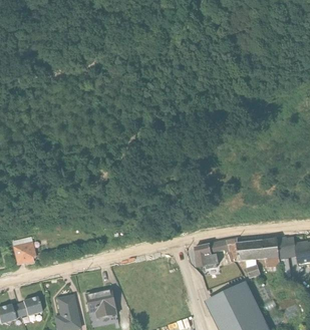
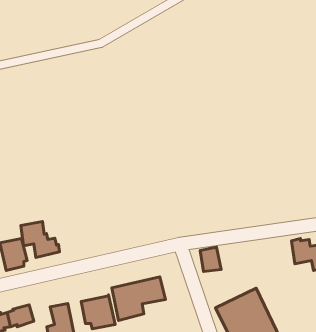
building: none -> [21,222,59,257]
building: [226,238,280,278] -> none
building: none -> [112,277,165,321]

